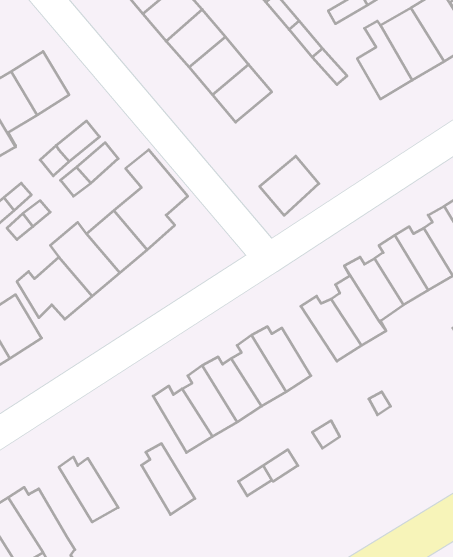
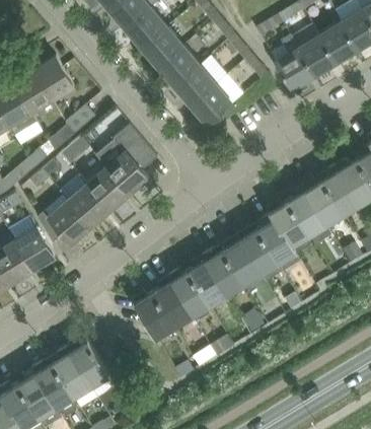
building: [260,156,319,215] -> [191,86,232,128]
building: none -> [223,236,262,285]
building: [141,444,195,515] -> [53,349,90,399]

